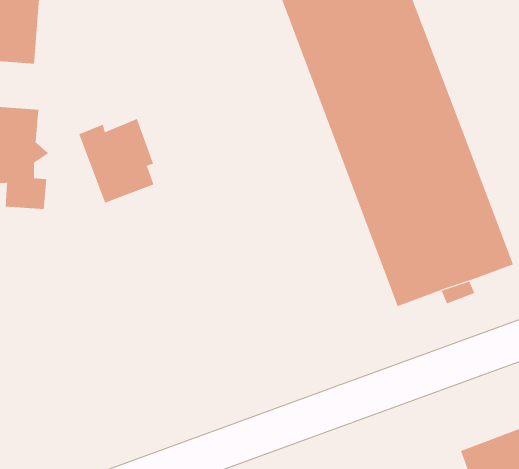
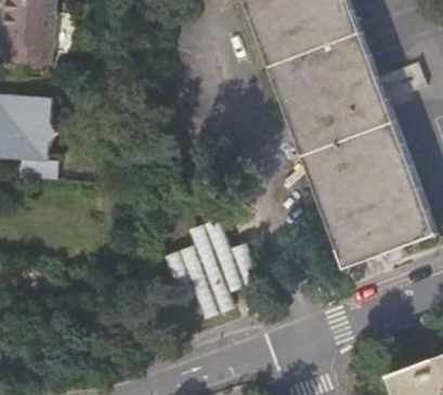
building: [78,118,154,204] -> none
building: none -> [174,214,259,319]

